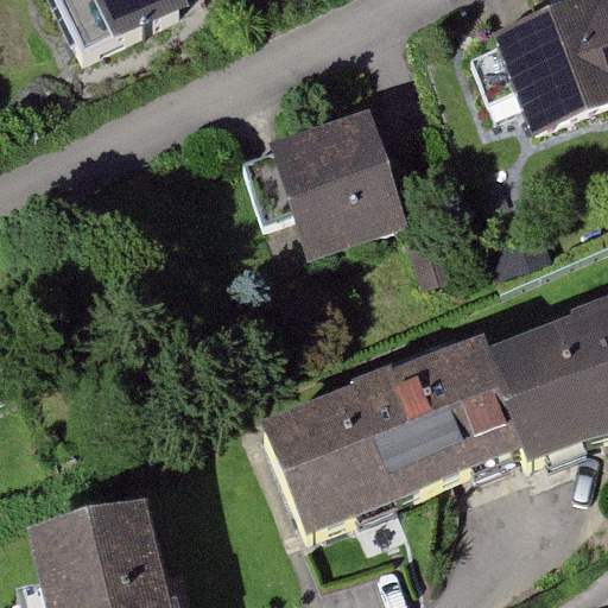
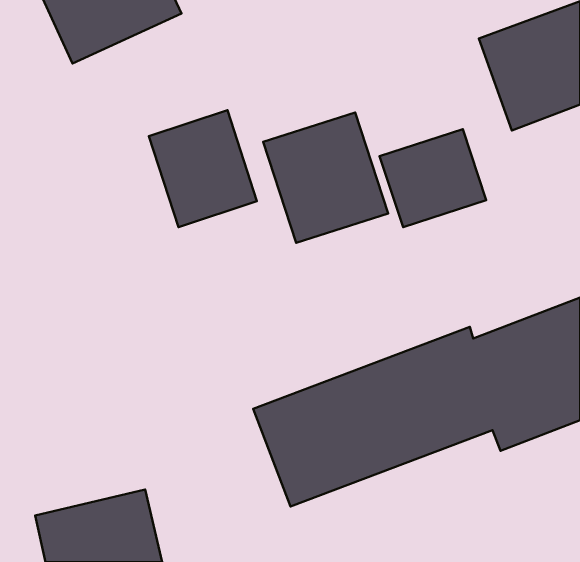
building: none -> [149,110,257,227]
building: none -> [380,129,486,227]

